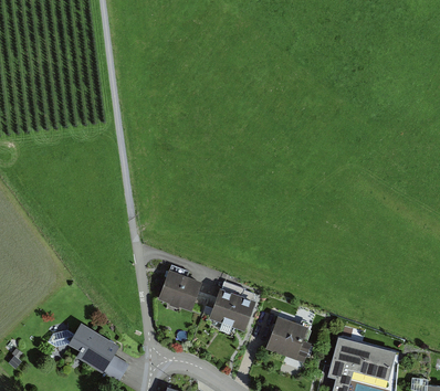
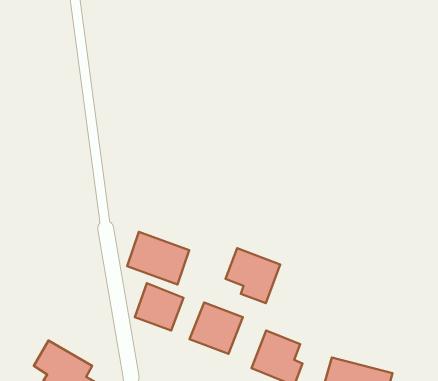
building: none -> [127,232,189,284]
building: none -> [226,248,280,303]

